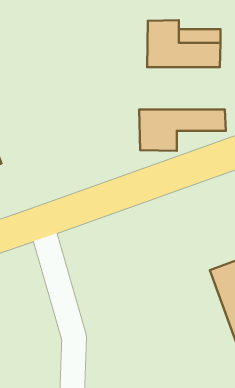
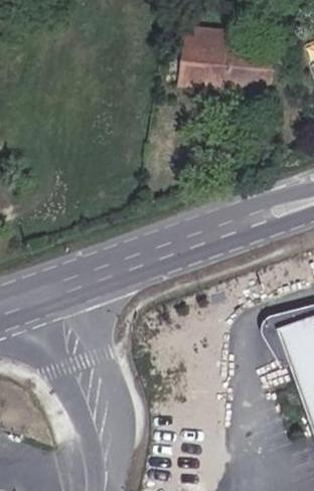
building: [139,109,226,151] -> none

